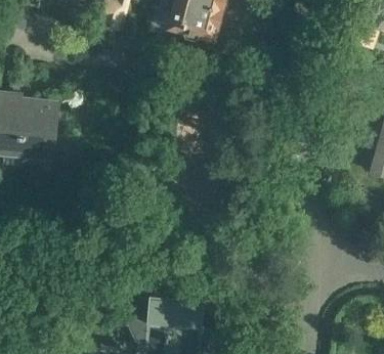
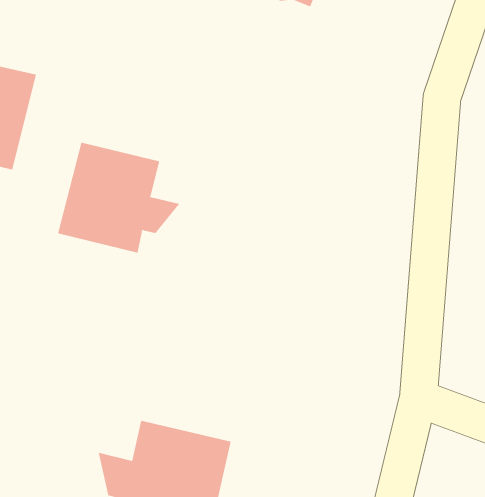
building: none -> [58,142,180,253]

